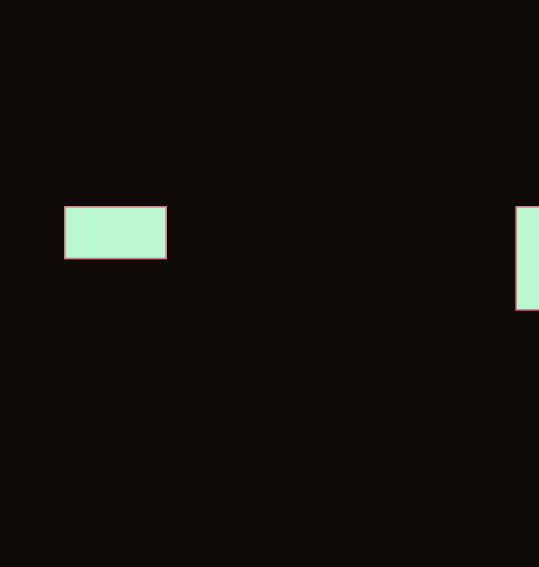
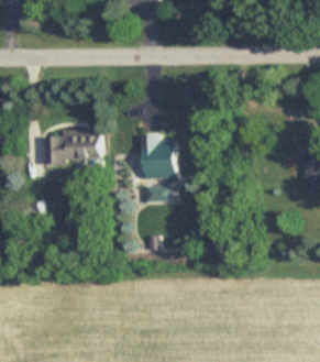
building: none -> [139,134,175,178]

